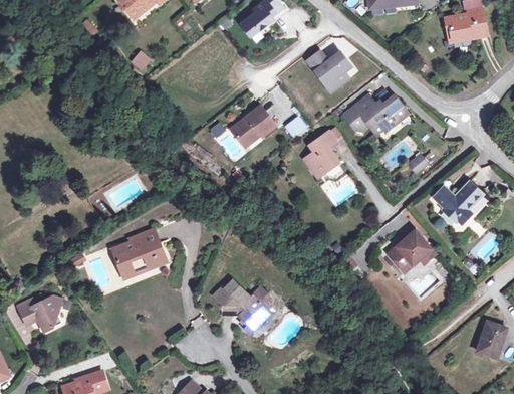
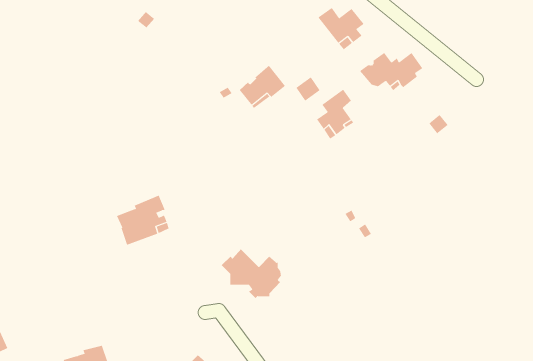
building: [435,181,483,223] -> none
building: [388,234,437,271] -> none
building: [17,294,62,330] -> none
building: [477,322,507,357] -> none

